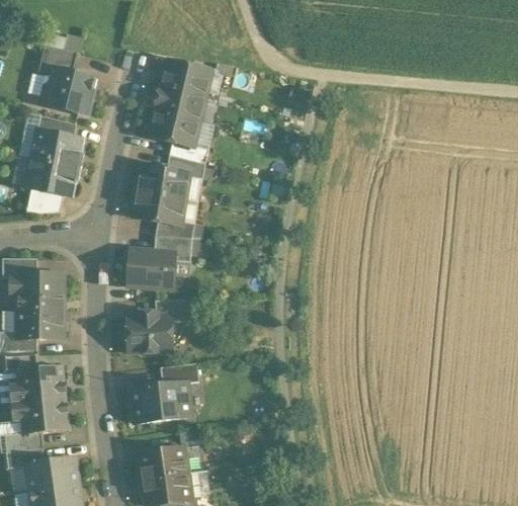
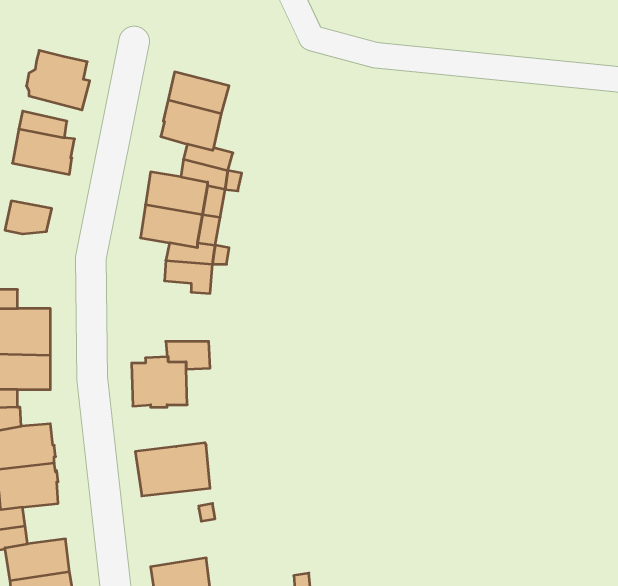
building: [36,45,79,76] -> none
building: [162,60,211,96] -> none
building: [27,158,78,196] -> none
building: [127,251,175,288] -> none
building: [161,363,198,385] -> none
building: [140,447,187,481] -> none

